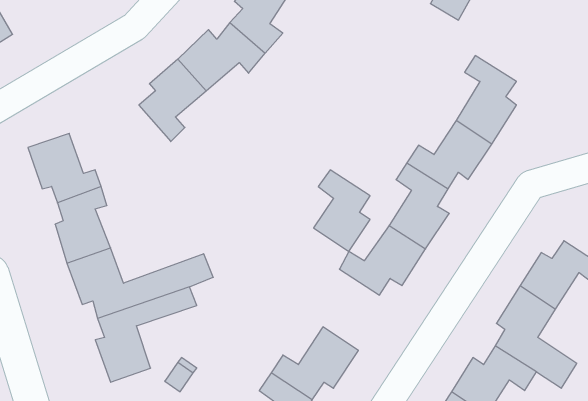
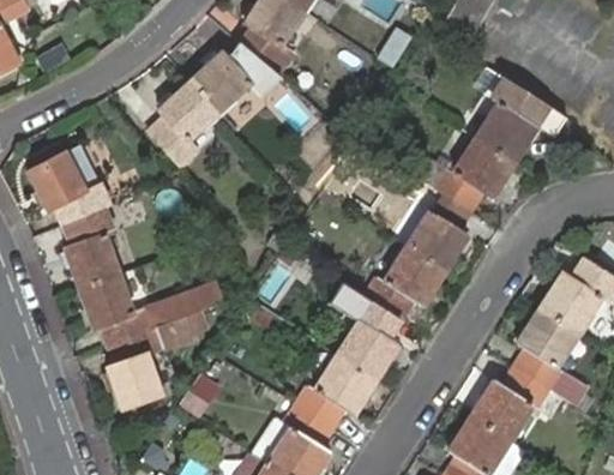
building: [314,170,370,251] -> [337,294,395,377]

